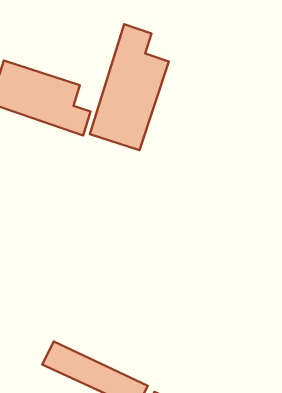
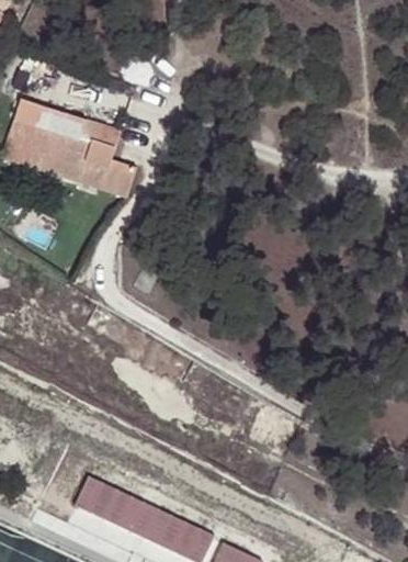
building: [90,24,169,150] -> none

